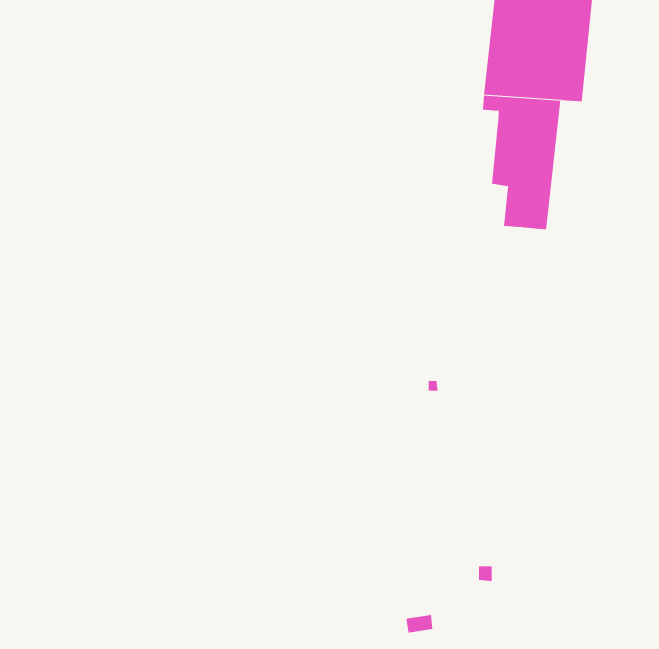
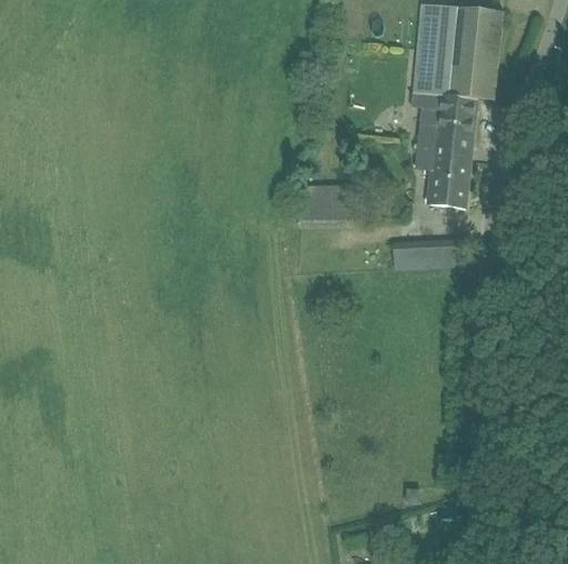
building: none -> [390,253,453,272]

